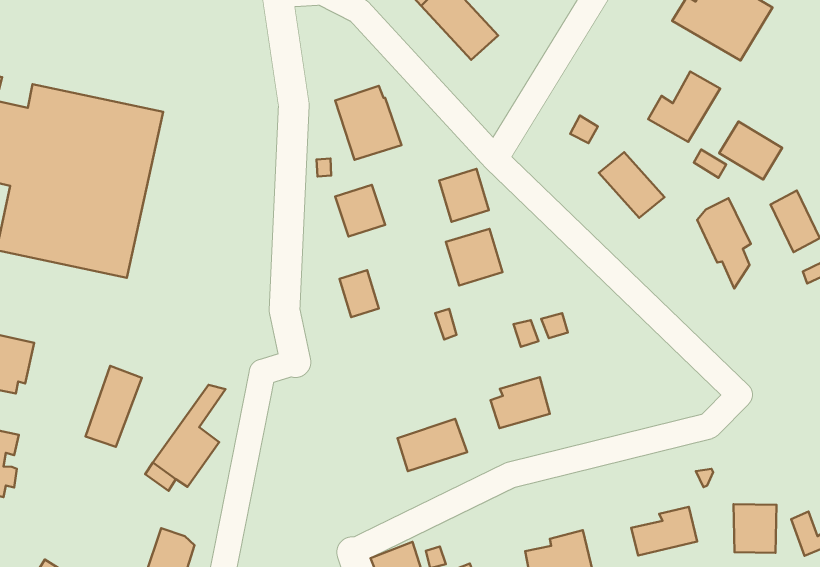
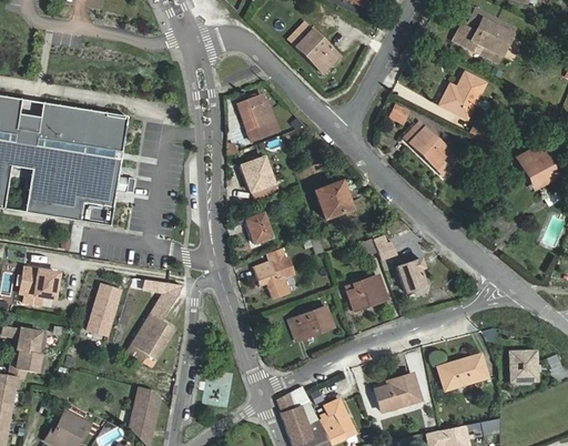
building: [719,122,782,180] -> none
building: [439,169,489,222] -> none
building: [697,198,751,289] -> none
building: none -> [252,247,294,298]
building: none -> [394,255,427,293]

